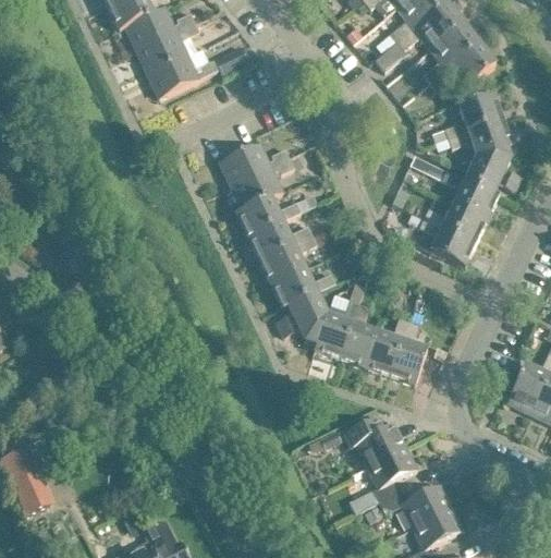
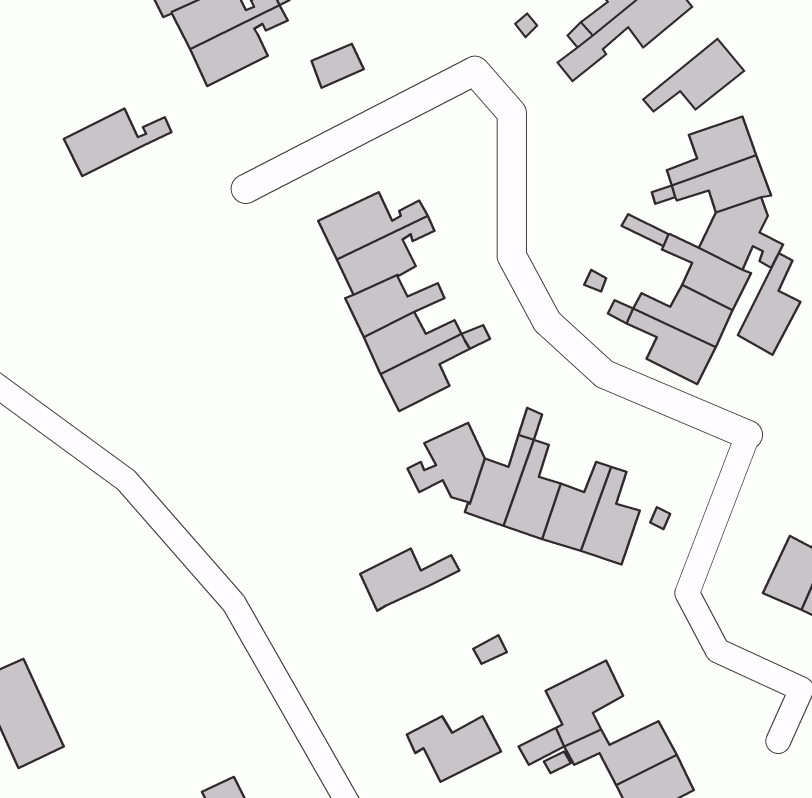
building: [423,22,477,82] -> none
building: [147,53,217,97] -> [64,109,172,176]
building: none -> [738,253,801,355]
building: [271,267,335,307] -> [360,548,460,611]
building: [344,422,405,464] -> [407,716,501,782]

